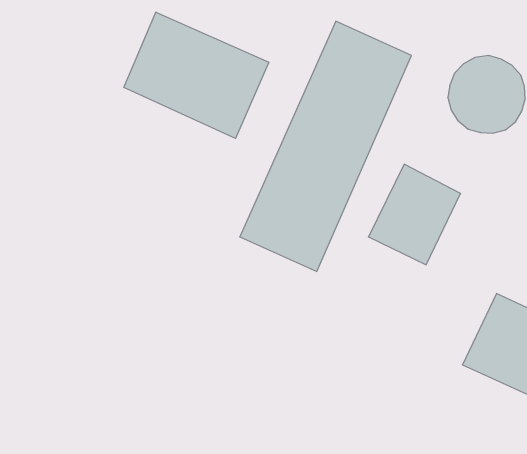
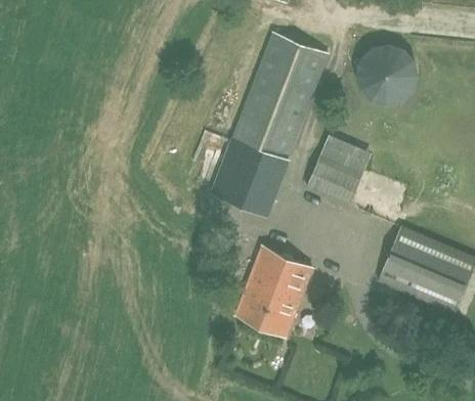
building: [124,12,269,138] -> none
building: none -> [236,246,312,336]

